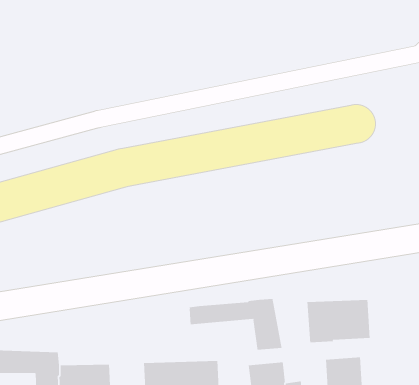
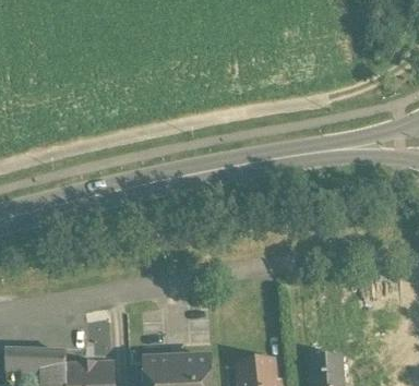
building: [189,298,282,351] -> none
building: [307,299,370,343] -> none

